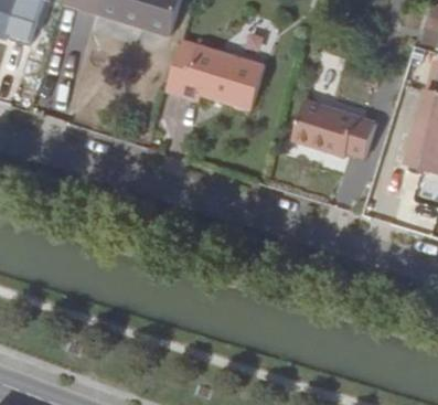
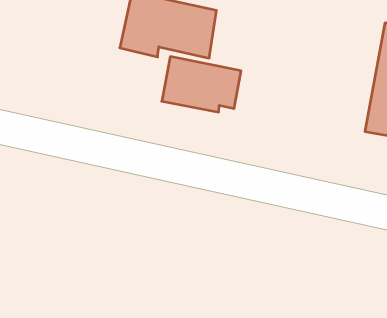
building: [296,98,376,157] -> [162,57,241,112]

